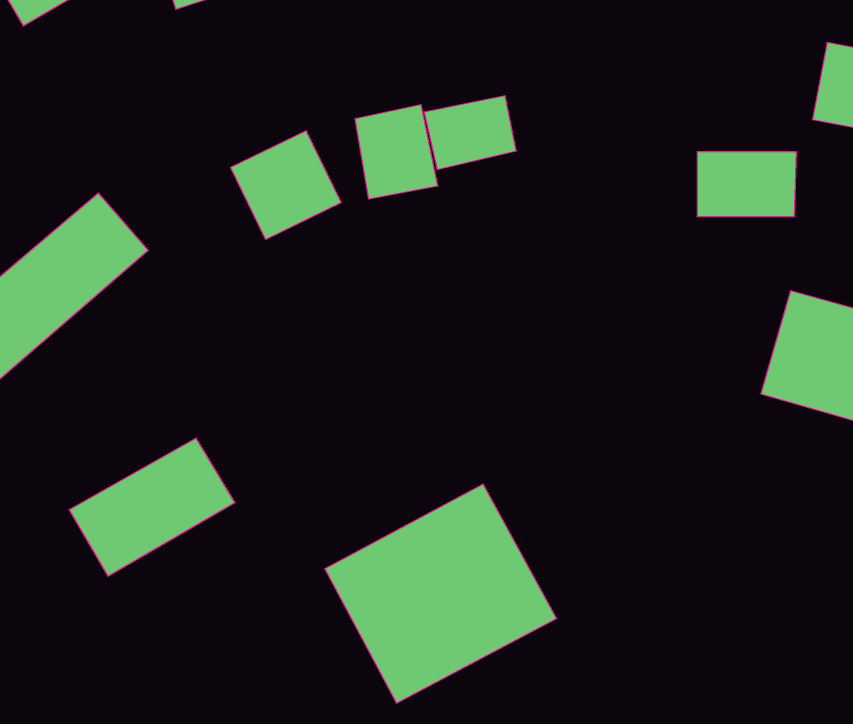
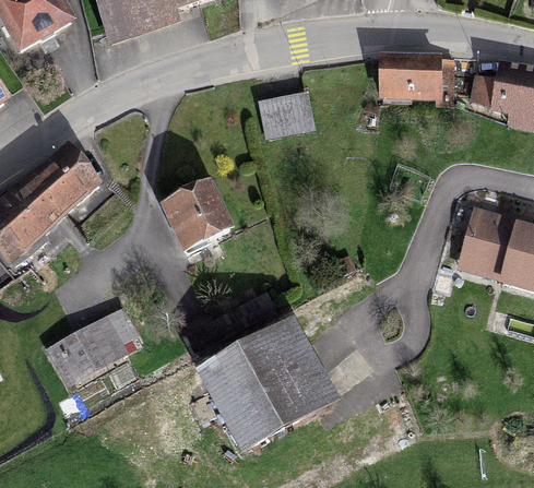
building: [355,105,438,199] -> none
building: [231,131,341,239] -> [164,185,229,249]
building: [697,152,796,216] -> [381,58,440,96]

